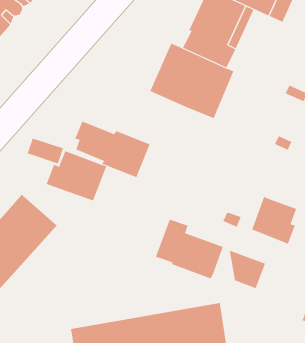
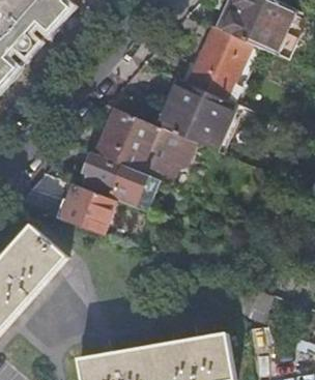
building: none -> [96,105,193,181]
building: [252,196,297,244] -> none
building: [155,219,223,279] -> none

